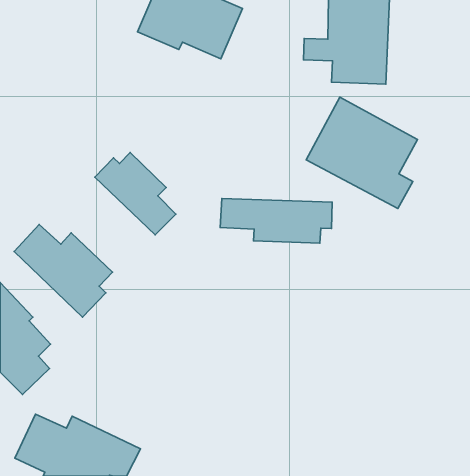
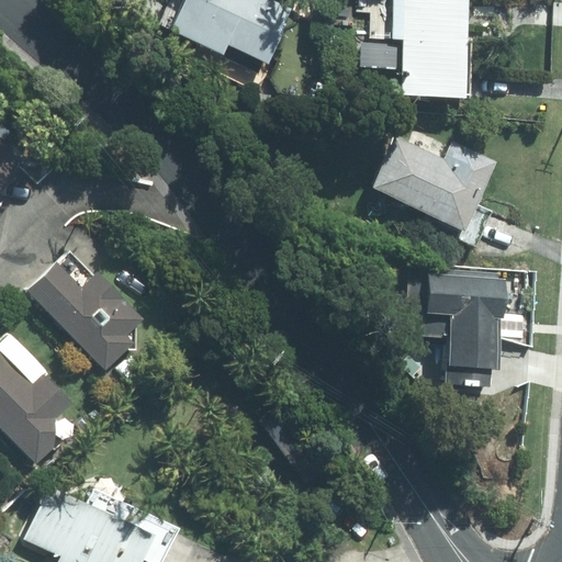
building: [95,153,176,235] -> none
building: [220,199,332,243] -> none
building: none -> [405,266,507,374]

